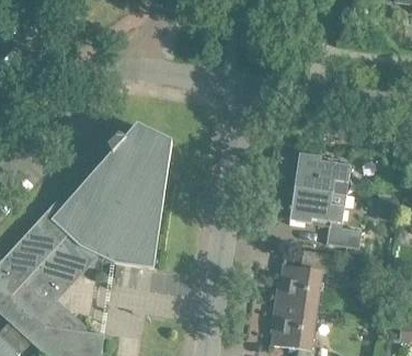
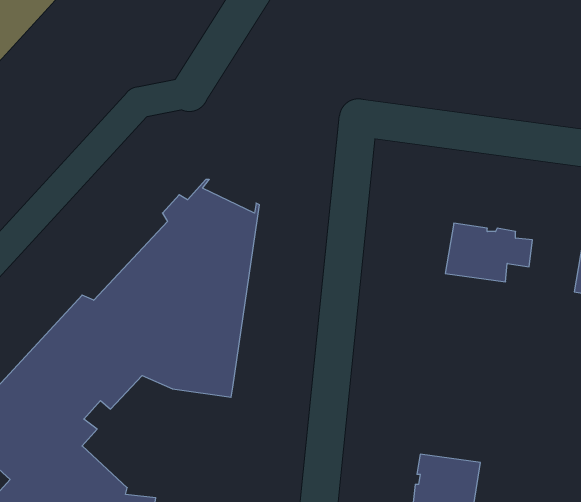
building: [289,186,362,248] -> none
building: [276,249,335,310] -> none

